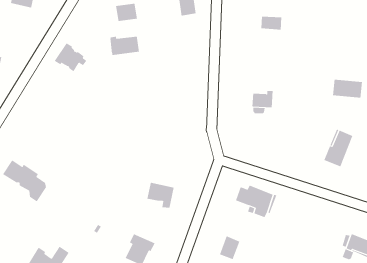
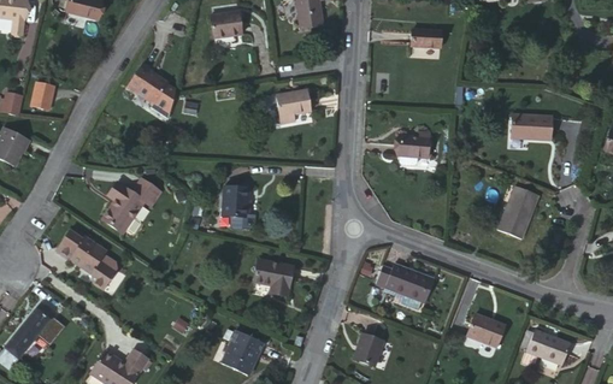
building: [109,36,139,56] -> none
building: none -> [276,89,312,122]
building: none -> [104,178,166,232]
building: none -> [222,184,249,218]
building: none -> [465,314,503,347]

